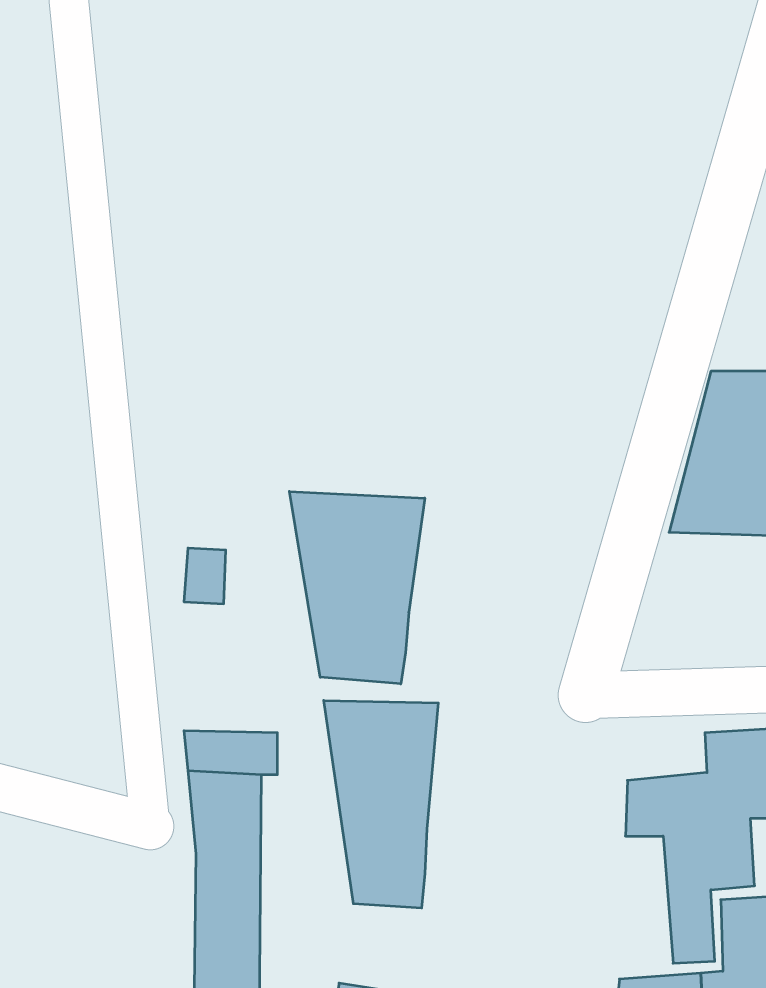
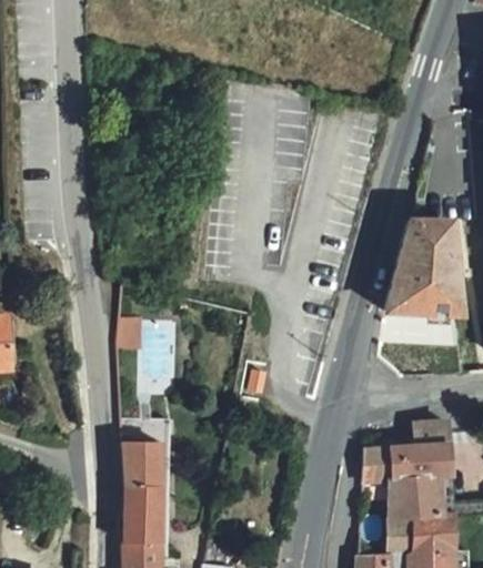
building: [289,491,425,684] -> none
building: [324,700,438,908] -> none

